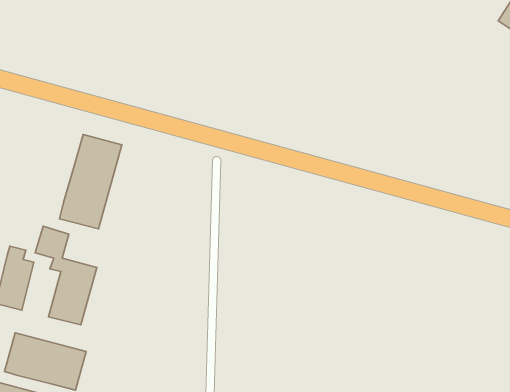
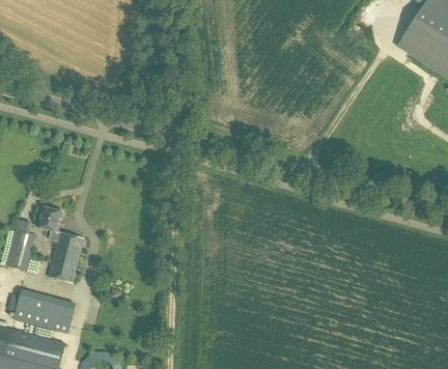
building: [60,135,122,229] -> none

